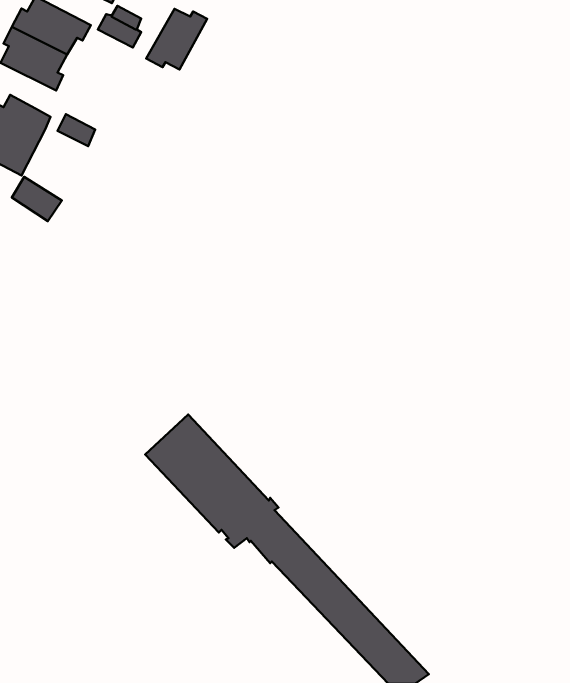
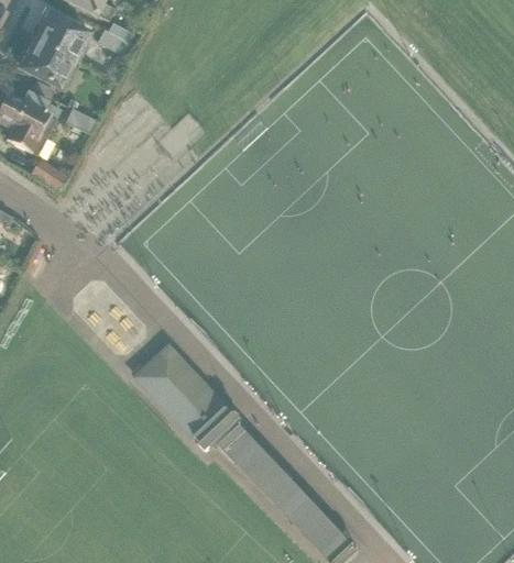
building: [146,9,207,70] -> none

